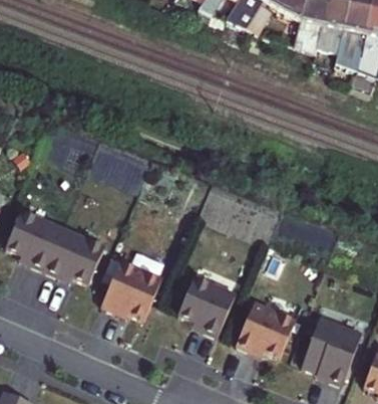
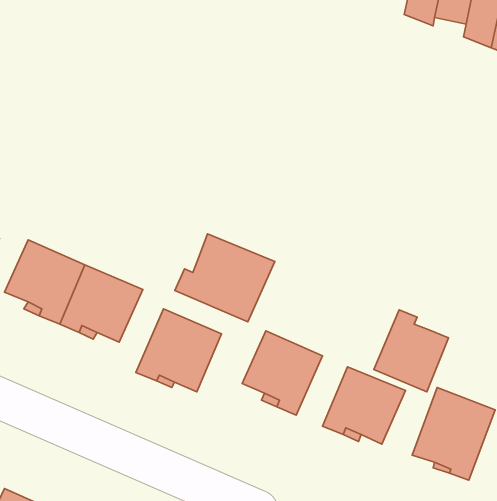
building: none -> [175,234,275,322]
building: none -> [374,310,449,392]

